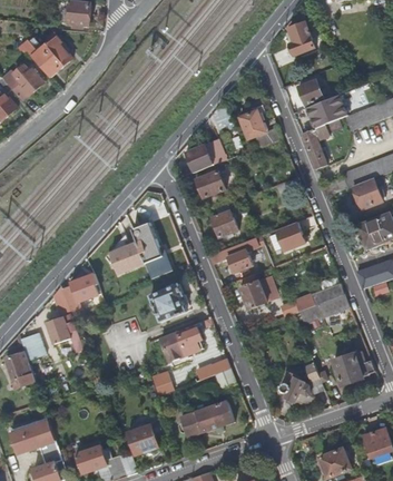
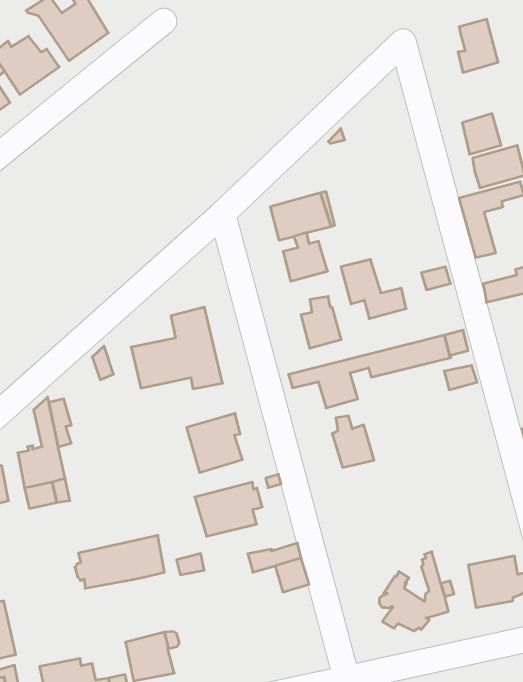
building: [238,110,282,147] -> [341,259,406,319]
building: [70,274,100,302] -> none
building: [299,283,348,324] -> none
building: [178,400,234,438] -> [75,535,164,588]

